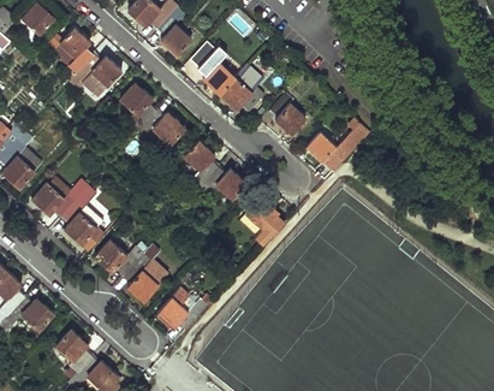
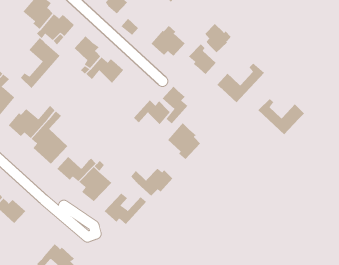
building: [198,49,234,94] -> none
building: none -> [204,23,232,53]
building: none -> [20,37,60,89]
building: [183,141,218,191] -> [162,86,188,124]
building: none -> [258,98,305,135]
building: none -> [131,168,173,197]
building: [56,330,93,373] -> none

